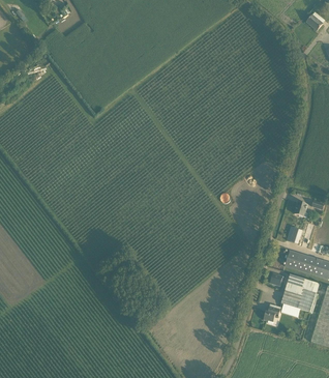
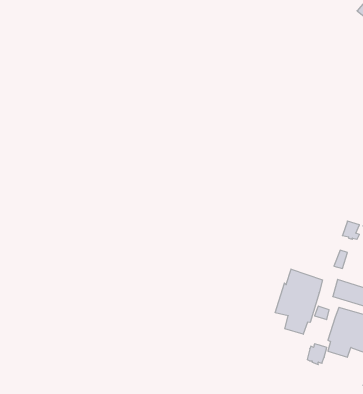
building: none -> [275,269,323,334]

